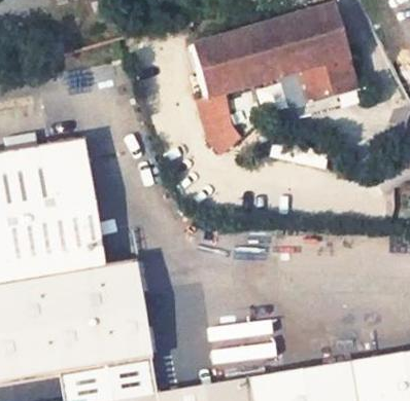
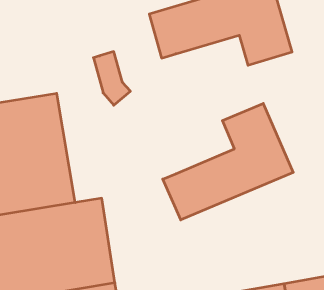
building: [199,93,242,155] -> [93,52,130,105]
building: none -> [163,103,293,220]

